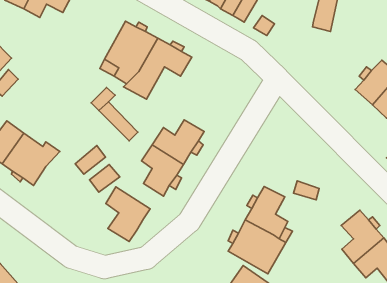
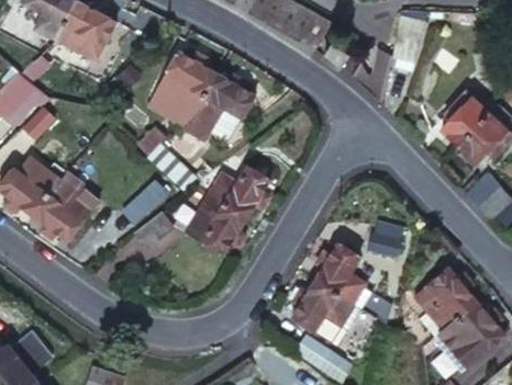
building: [106,187,150,241] -> none

